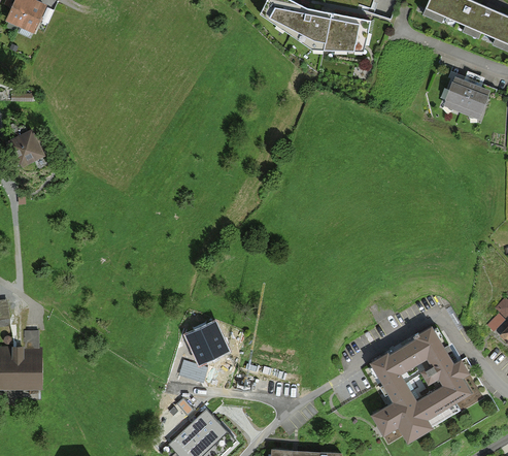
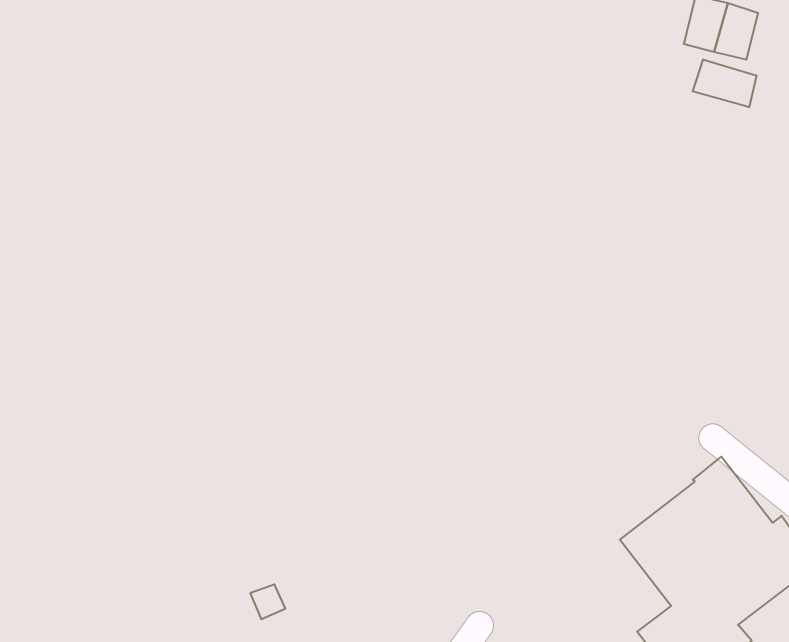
building: none -> [693,59,756,107]
building: [190,324,229,362] -> none

